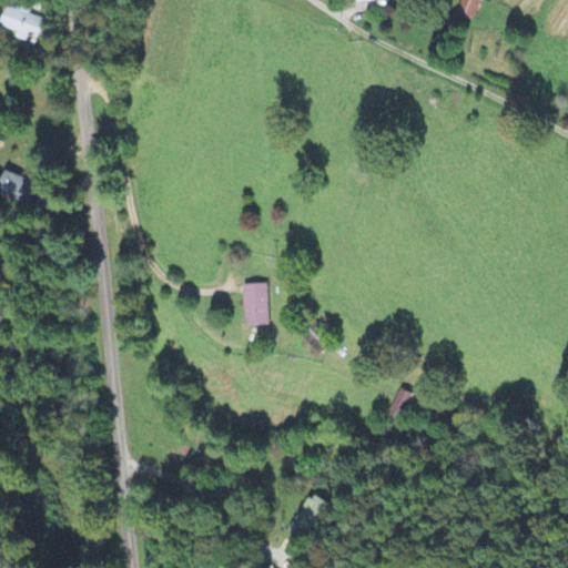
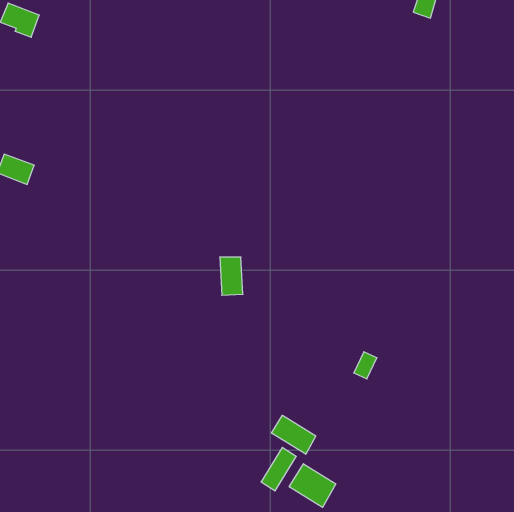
building: none -> [272,415,316,454]
building: none -> [289,464,336,507]

